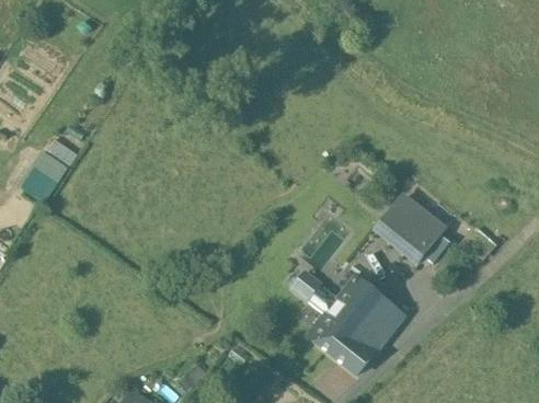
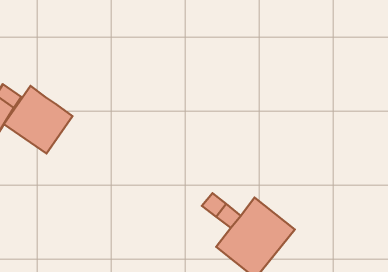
building: none -> [4,86,73,153]
building: [377,194,445,260] -> none

